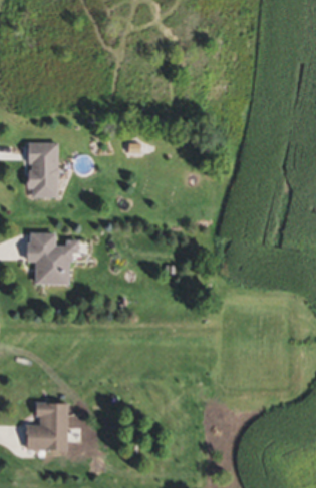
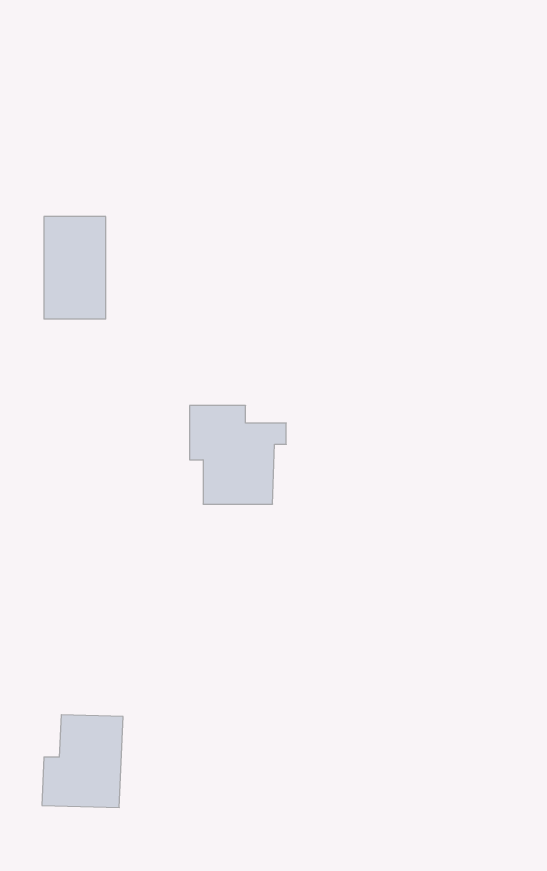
building: [27,232,77,284] -> [190,406,286,504]

